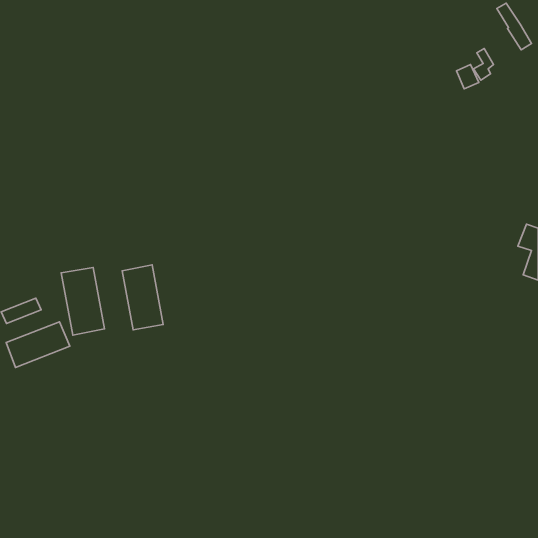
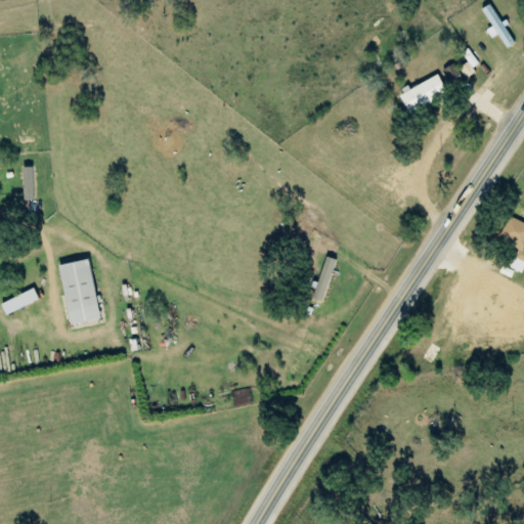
building: none -> [399,73,447,111]
building: [122,265,163,330] -> none
building: [6,322,70,368] -> none

